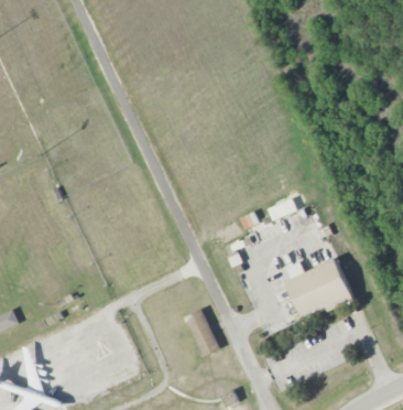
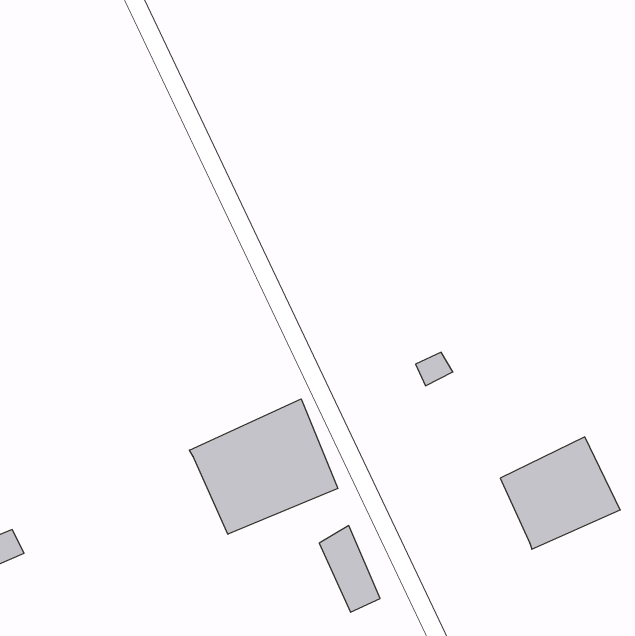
building: none -> [189,399,338,534]

